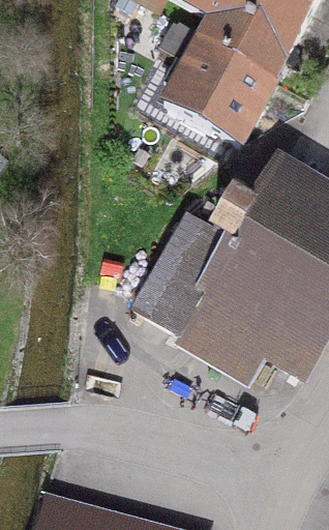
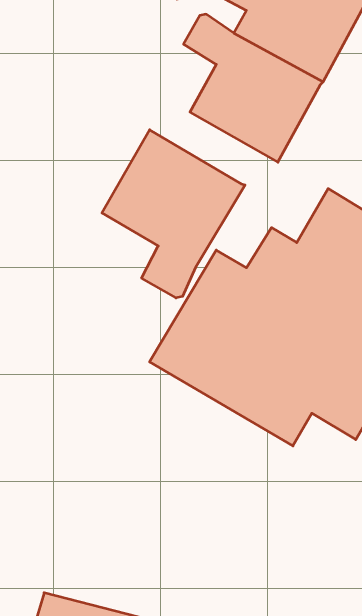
building: none -> [102,130,245,298]

